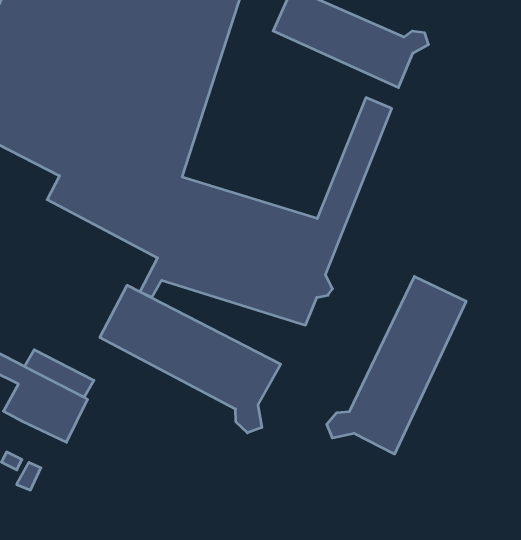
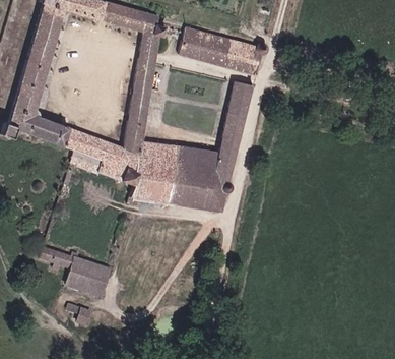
building: [327,276,466,454] -> none
building: [100,285,281,433] -> none

